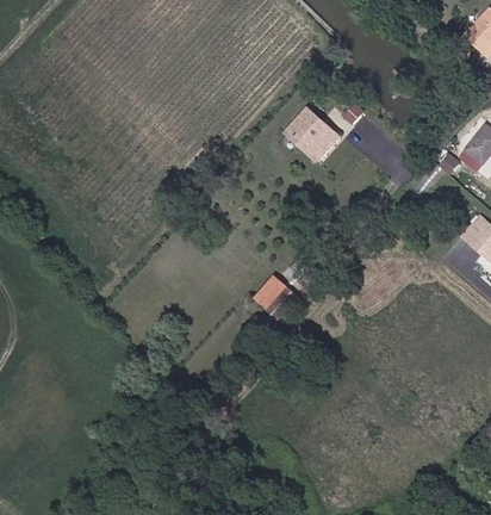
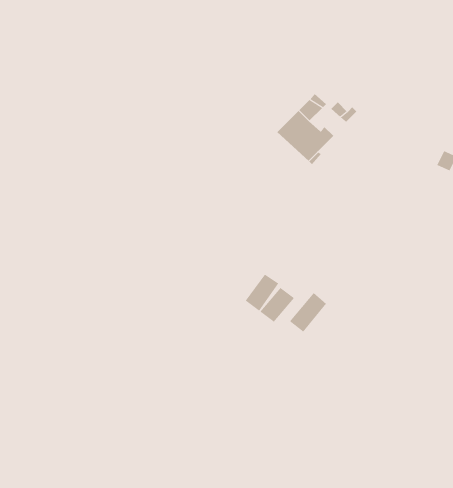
building: none -> [289,292,327,333]

